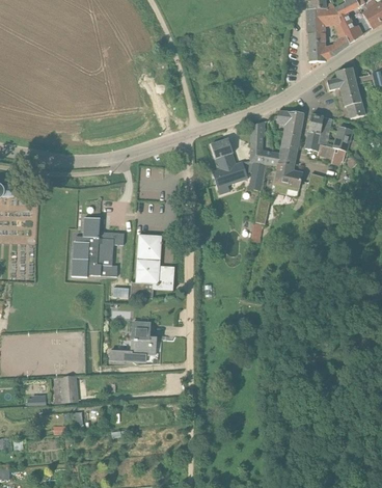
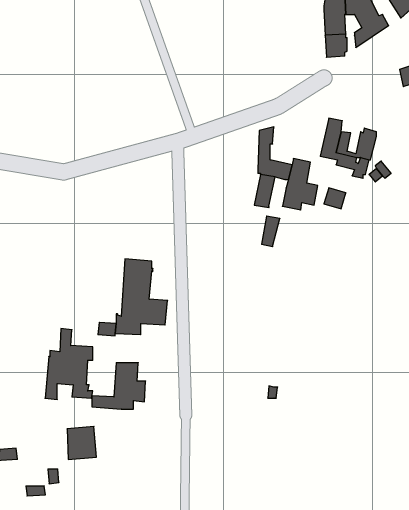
building: [327,66,364,117] -> none
building: [276,110,303,151] -> none
building: [211,137,247,185] -> none
building: [77,216,117,276] -> [45,329,93,399]
building: [53,374,78,402] -> [67,426,96,459]

